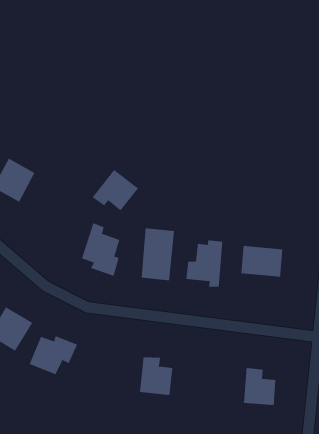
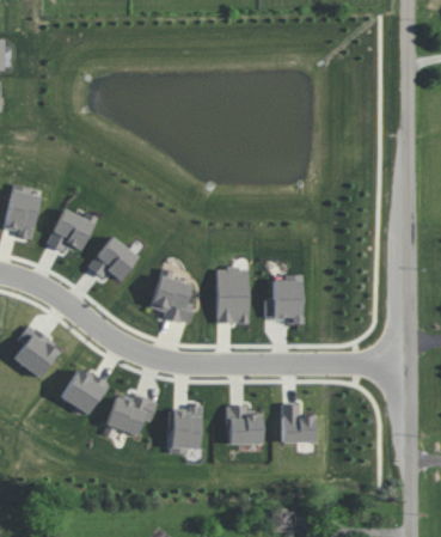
building: [92,169,139,211] -> [88,236,137,280]
building: [241,245,283,277] -> none
building: none -> [170,404,201,453]
building: [243,368,276,405] -> [280,404,314,443]

